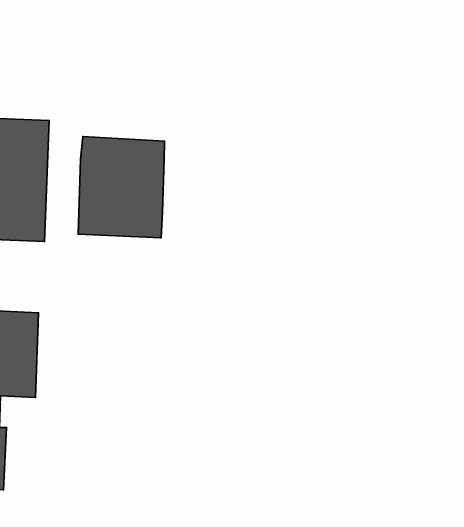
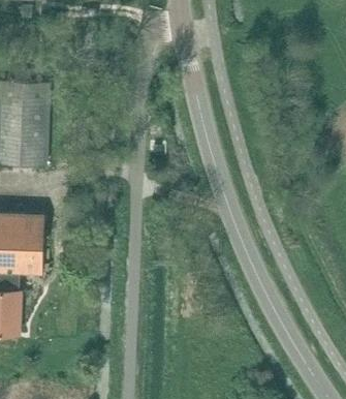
building: [78,136,165,238] -> none

